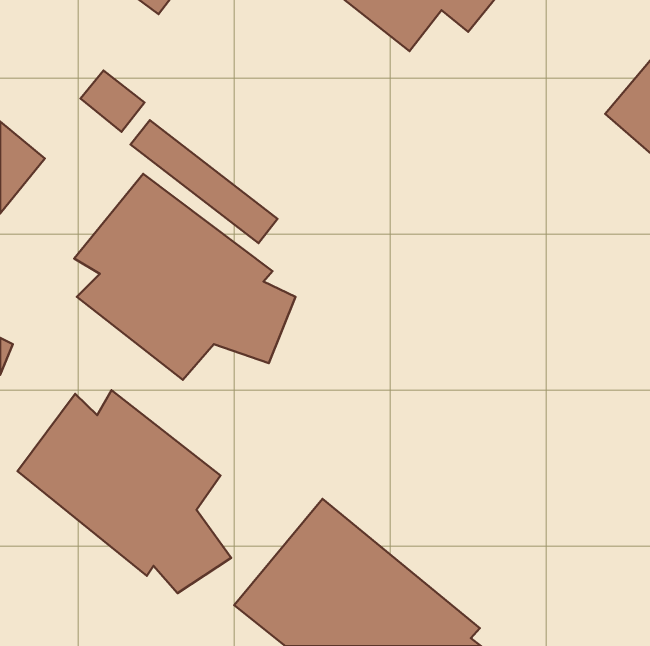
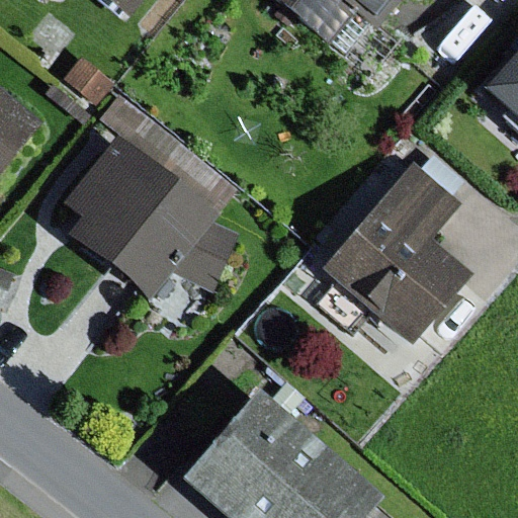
building: none -> [321,159,469,342]
building: [18,390,231,593] -> none

